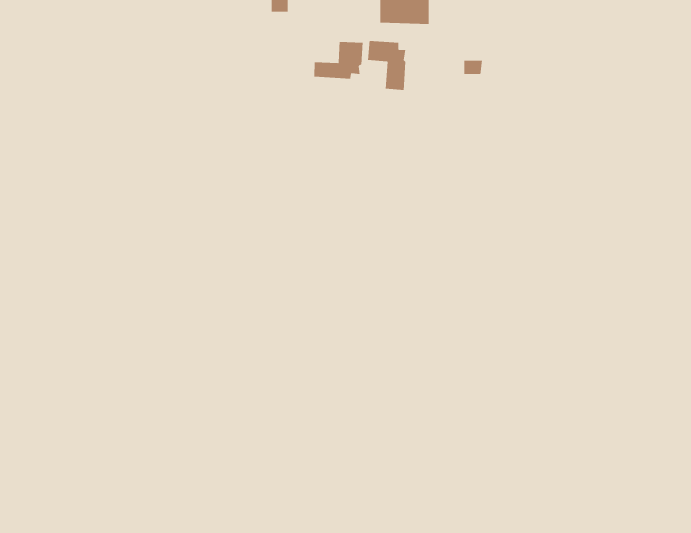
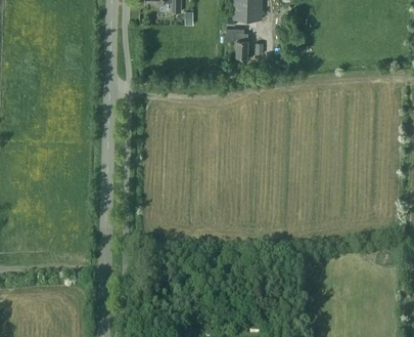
building: [314,41,363,80] -> none

